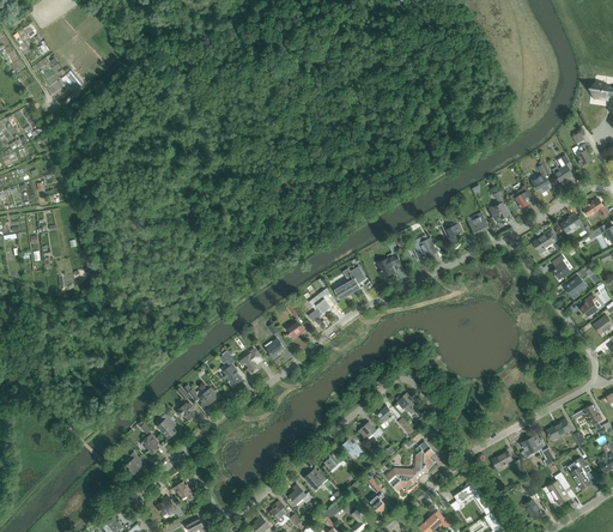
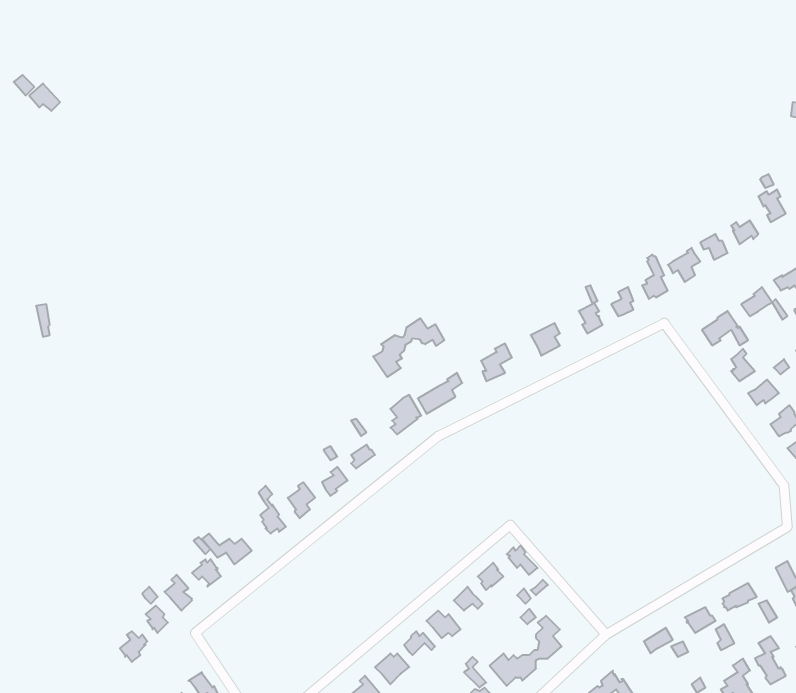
building: none -> [373,318,444,377]

